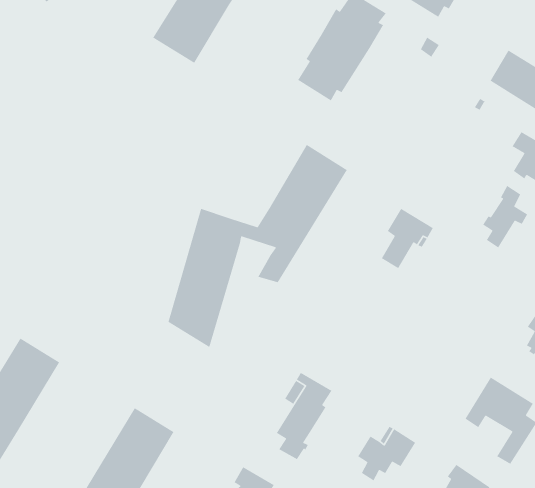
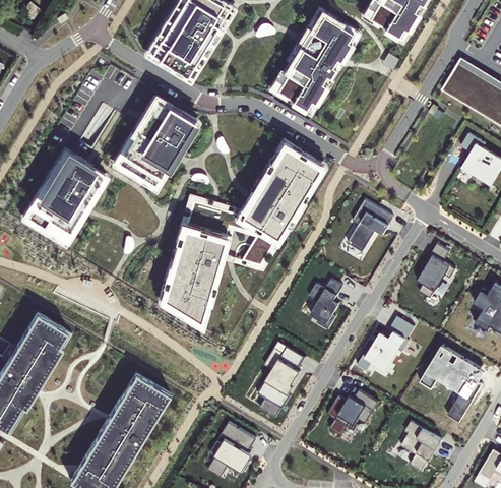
building: none -> [118,98,193,184]
building: none -> [27,151,103,238]
building: [482,185,528,249] -> [416,243,455,298]
building: none -> [309,279,342,329]
building: none -> [357,315,415,370]

